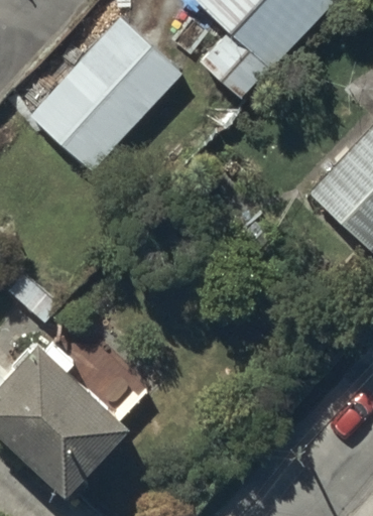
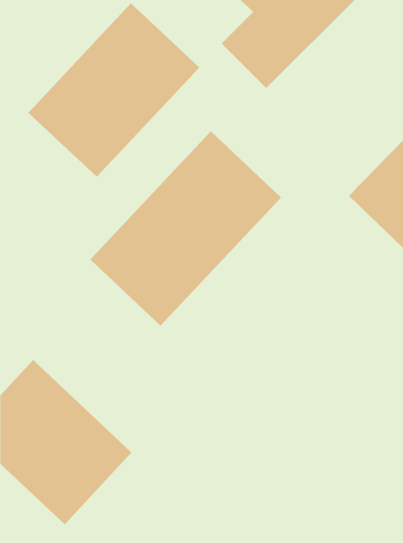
building: none -> [90,131,282,326]

